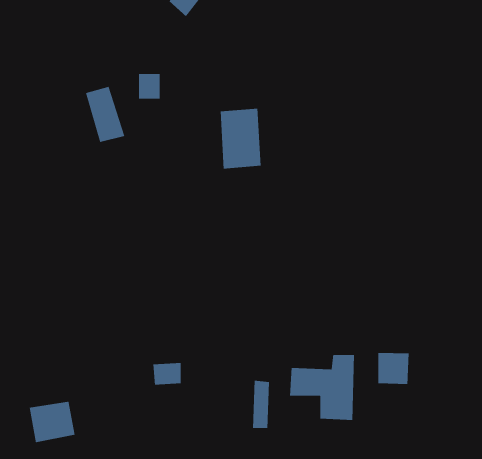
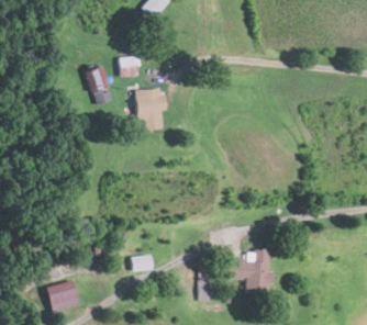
building: [220,108,261,169] -> [136,88,165,130]
building: [378,352,409,385] -> none

